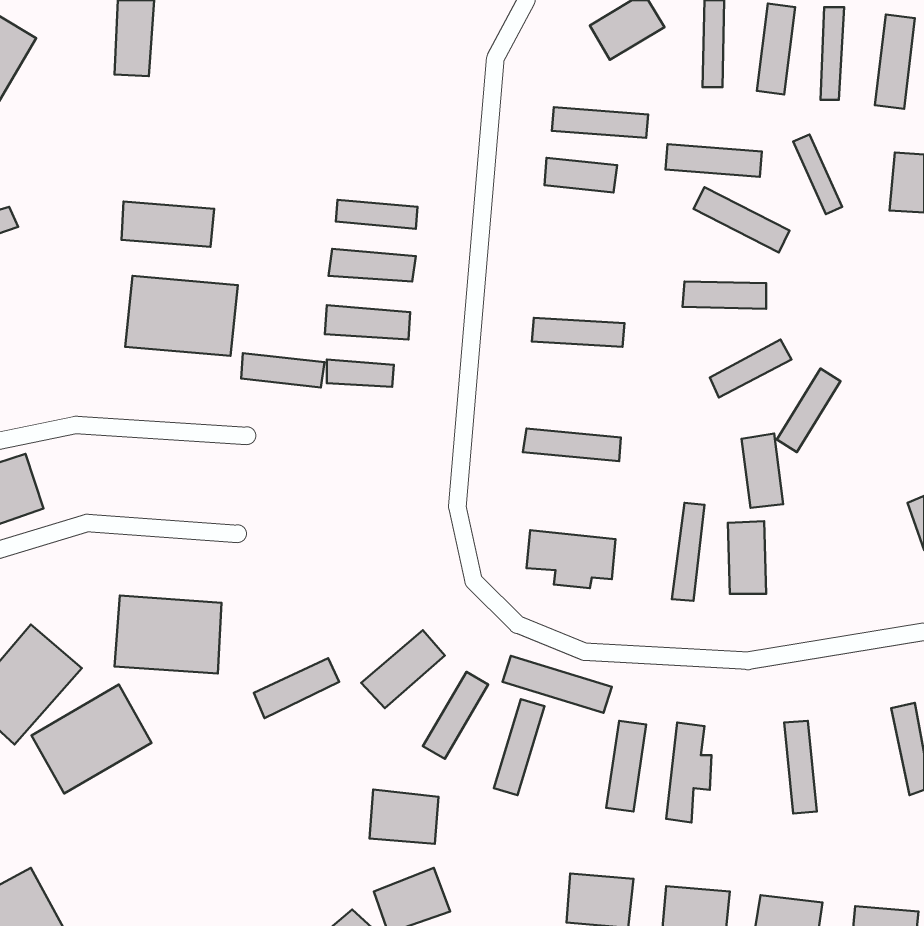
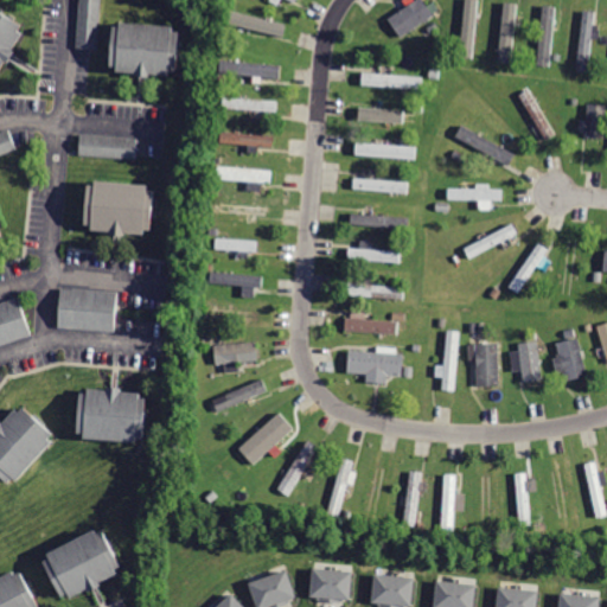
building: none -> [225,8,288,40]
building: none -> [108,21,181,76]
building: none -> [223,58,280,82]
building: none -> [222,92,277,116]
building: [666,144,762,177] -> [353,141,416,162]
building: none -> [352,173,408,194]
building: [241,353,325,388] -> [209,268,263,290]
building: none -> [347,244,402,267]
building: [741,433,783,508] -> [515,339,542,388]
building: none -> [58,287,116,332]
building: none -> [343,317,397,339]
building: none -> [212,338,260,370]
building: none -> [554,339,587,384]
building: [502,656,612,713] -> none
building: [254,658,339,718] -> [210,375,266,414]
building: [32,685,151,794] -> [41,528,120,599]
building: [370,789,439,844] -> [307,566,352,601]

